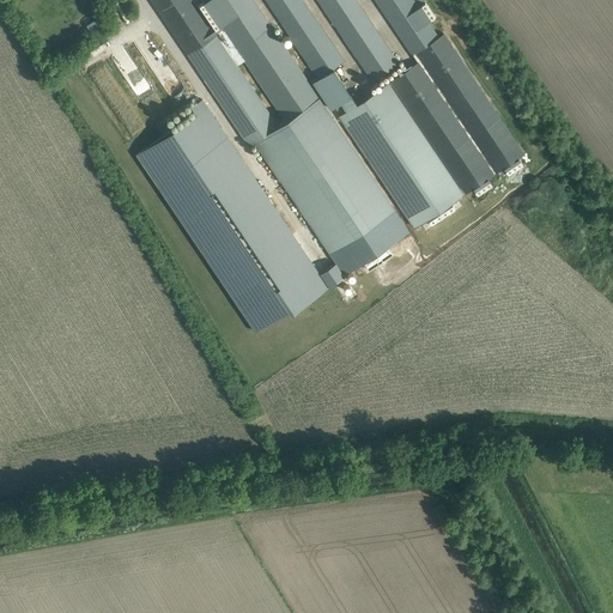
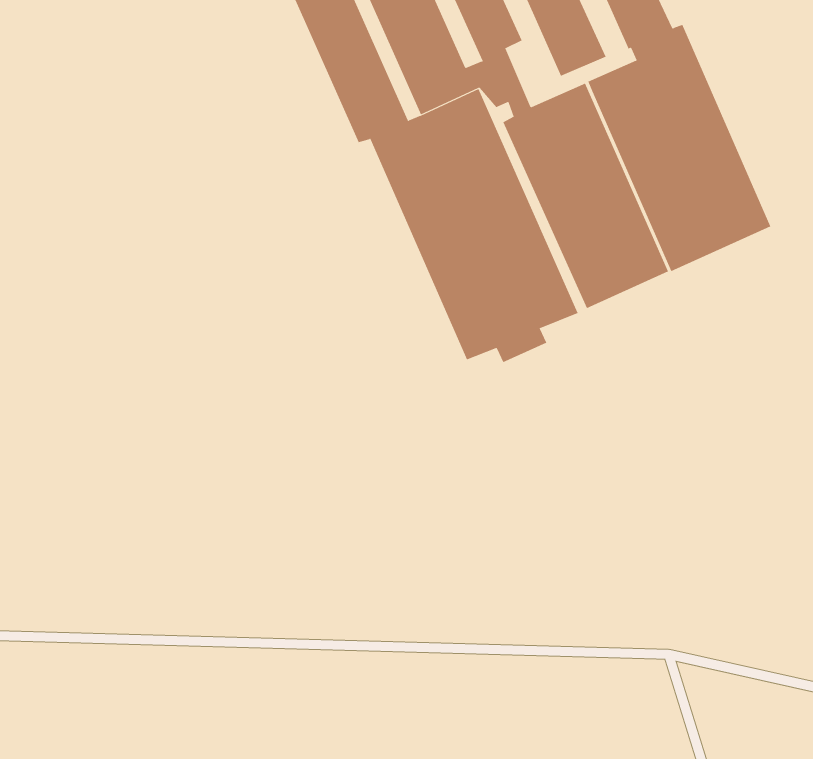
building: [136,99,328,330] -> none

